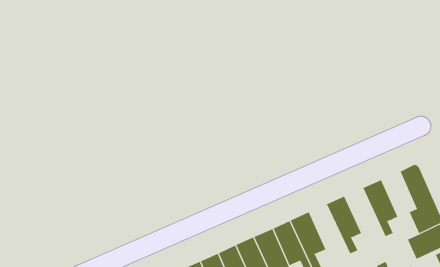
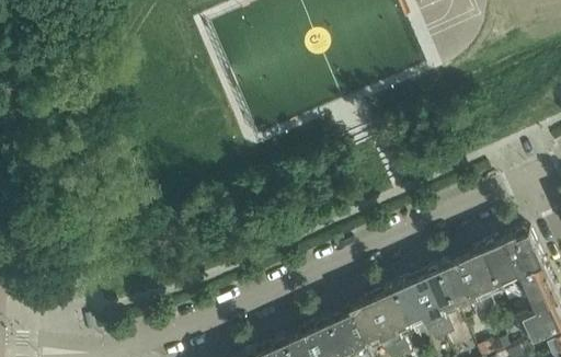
building: none -> [484,234,526,289]
building: none -> [439,254,491,322]
building: none -> [397,274,446,338]

